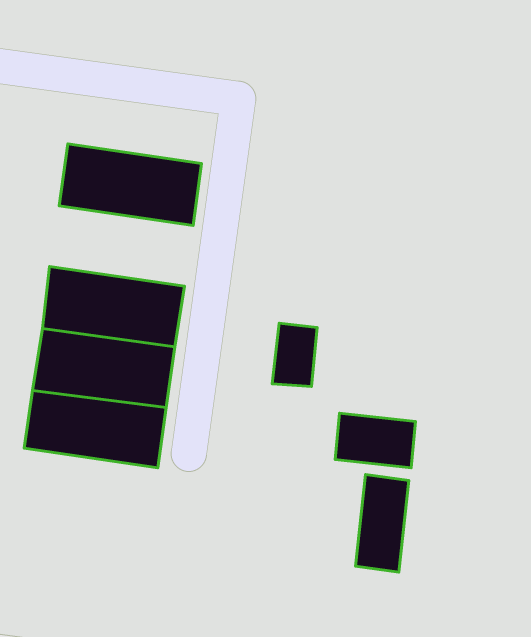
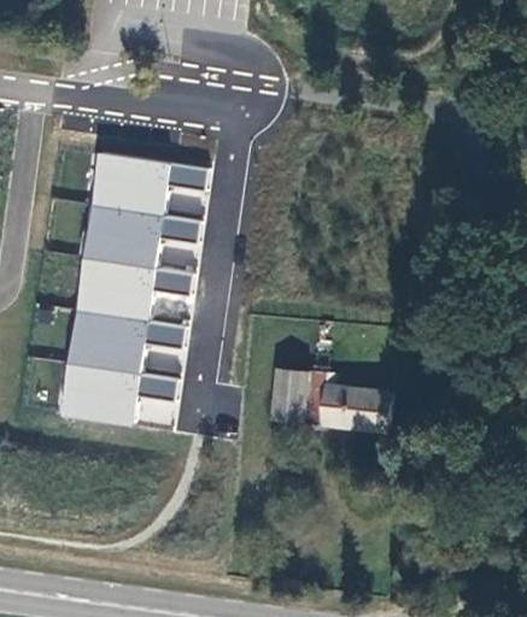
building: none -> [78,207,201,276]
building: [272,323,317,387] -> [271,368,310,422]
building: [355,474,409,572] -> none

